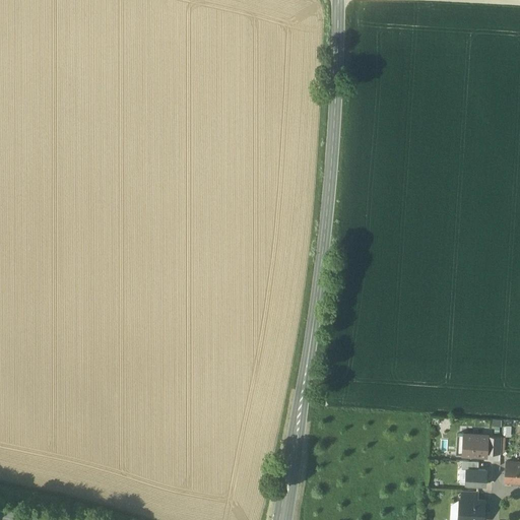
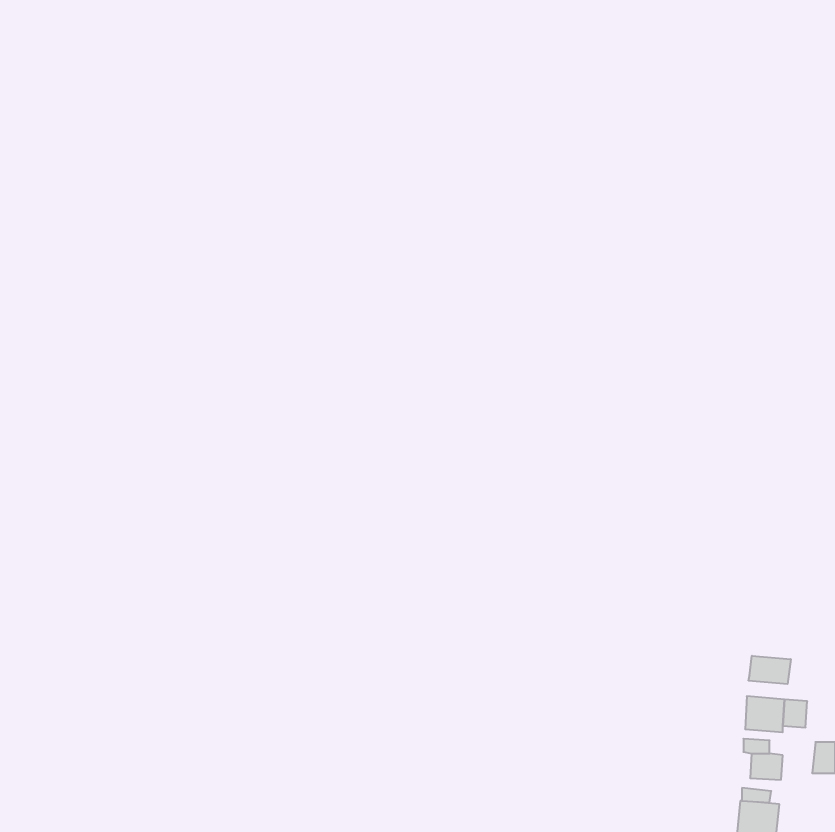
building: none -> [749,656,791,684]

